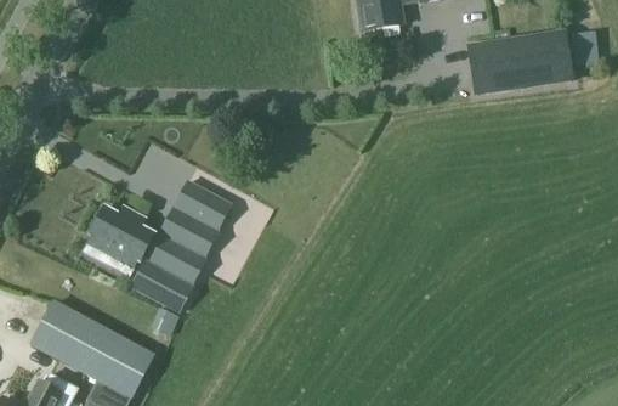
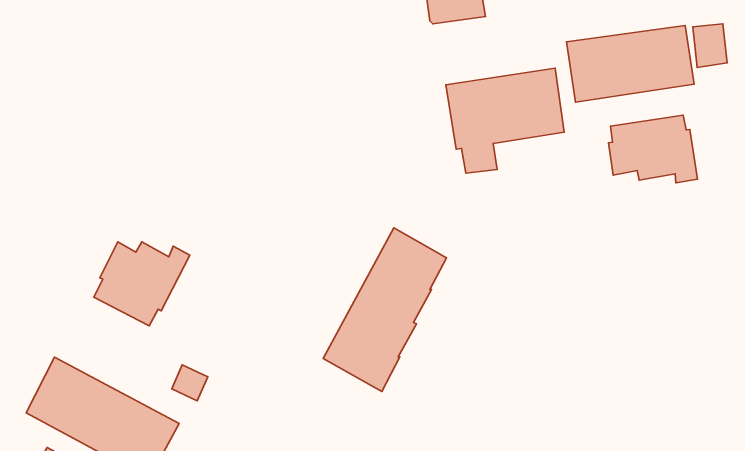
building: none -> [446,68,564,173]
building: none -> [609,115,698,183]
building: [130,180,229,312] -> [323,228,446,392]

